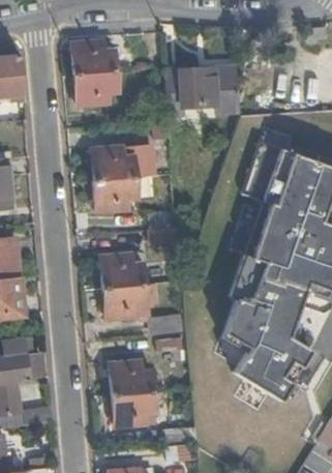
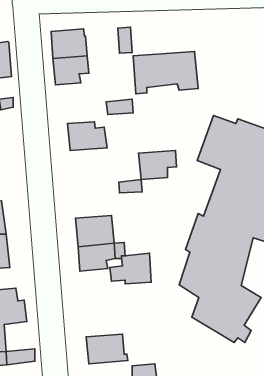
building: [94,177,138,210] -> [139,151,176,179]
building: [110,361,154,394] -> none

